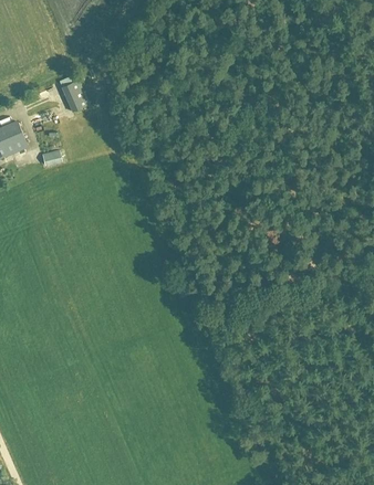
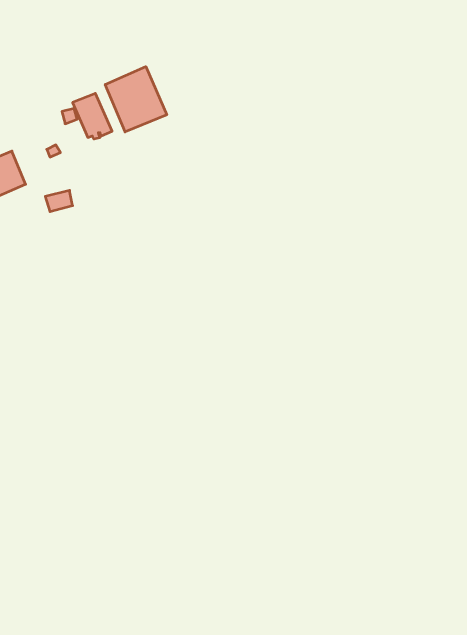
building: none -> [105,67,167,132]

